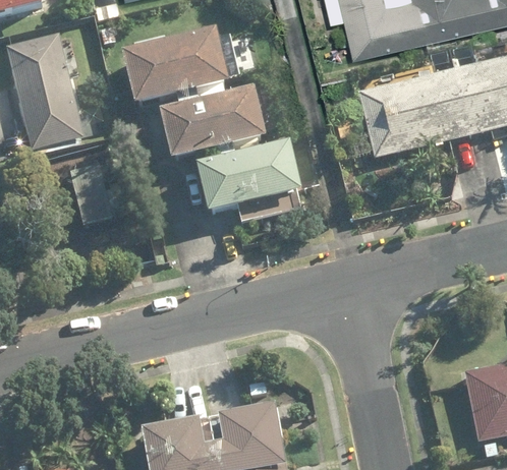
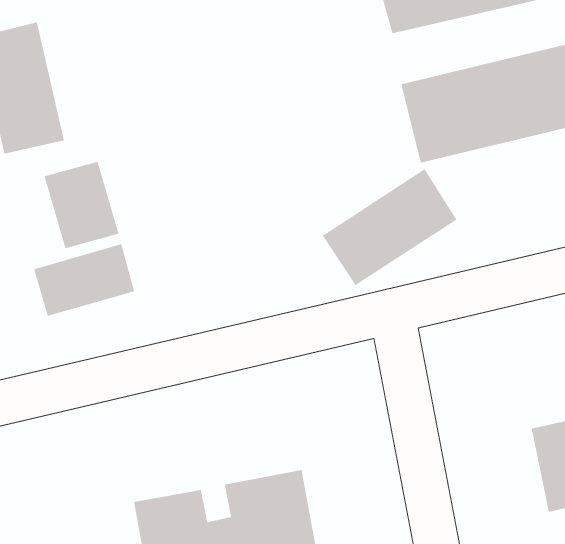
building: [121,32,301,221] -> none
building: none -> [322,168,457,286]
building: none -> [33,243,135,317]

